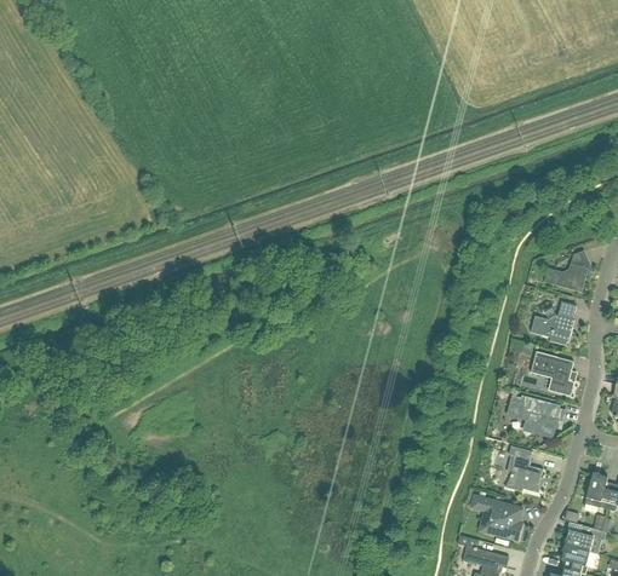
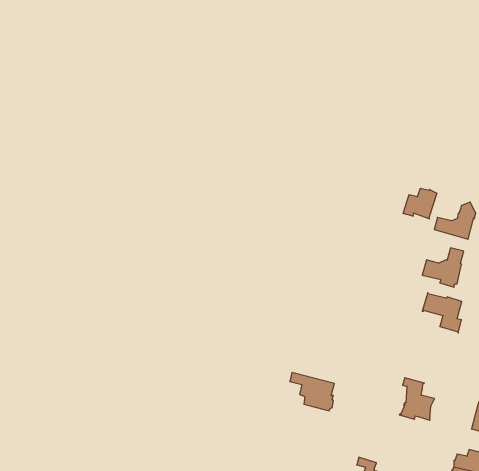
building: none -> [403,188,437,219]
building: [508,396,565,436] -> none
building: [471,496,521,538] -> [290,373,334,411]

